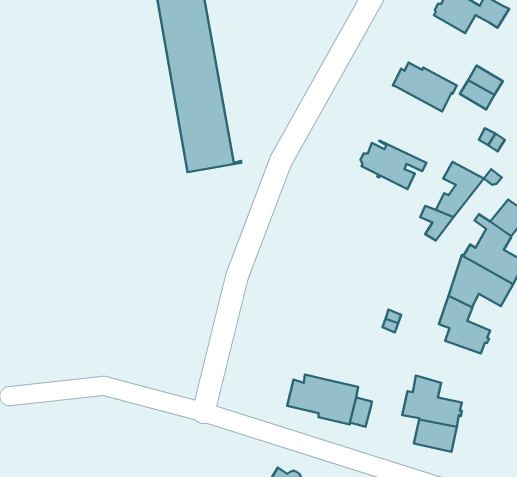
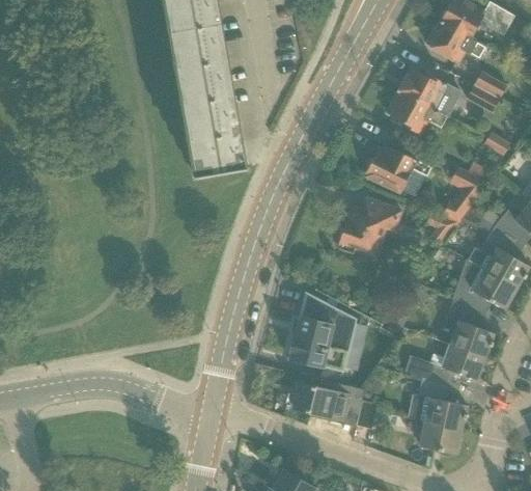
building: none -> [426,22,484,62]
building: none -> [389,92,447,134]
building: none -> [338,198,400,256]
building: none -> [287,292,356,373]
building: none -> [402,345,485,386]

